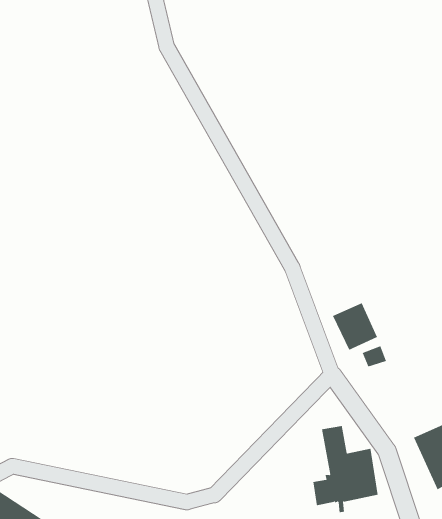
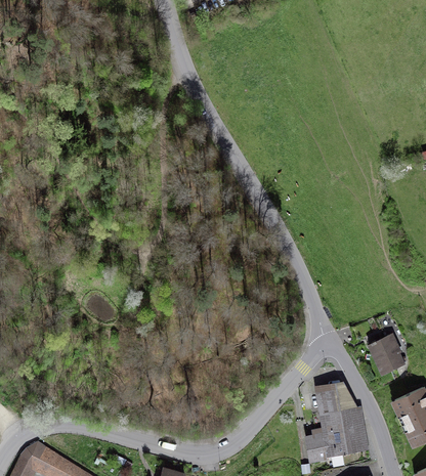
building: [332,303,378,350] -> [367,334,406,375]

